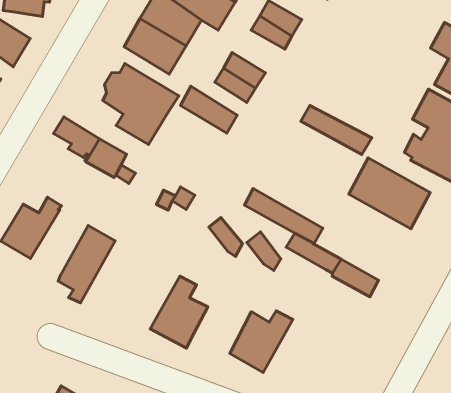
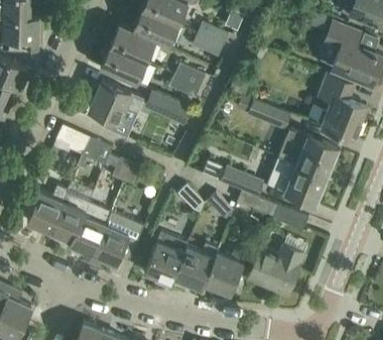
building: none -> [266,156,327,204]
building: none -> [50,193,90,241]
building: none -> [91,211,141,263]
building: none -> [174,242,219,290]
building: none -> [248,245,304,295]

